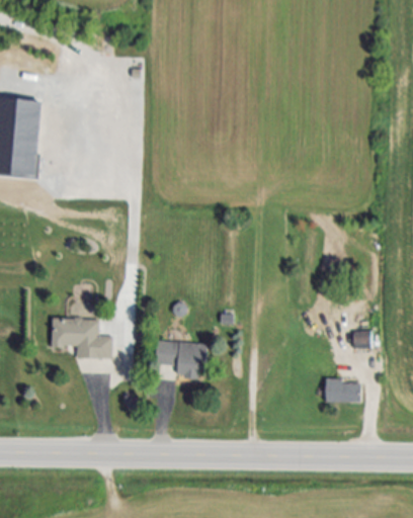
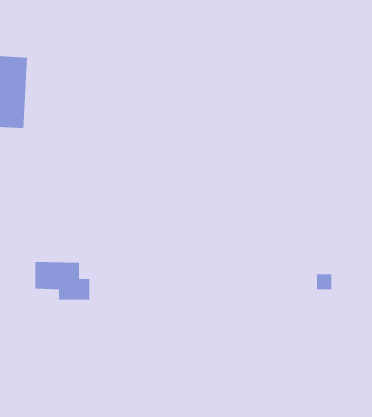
building: [155,342,205,379] -> none
building: [324,378,359,402] -> none

